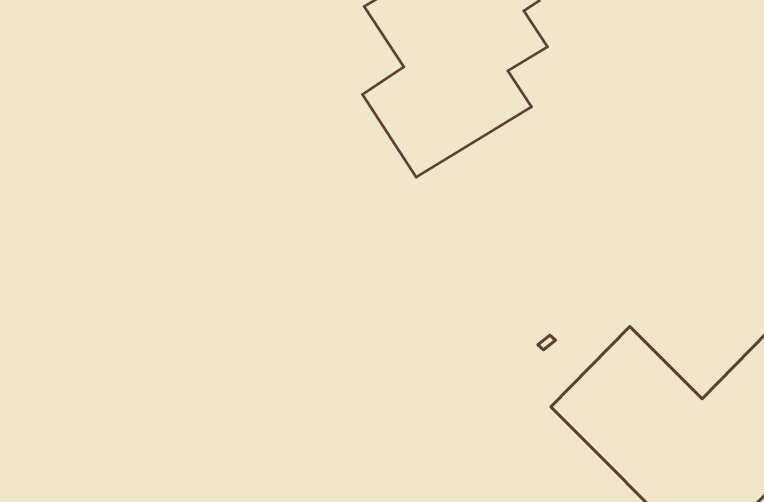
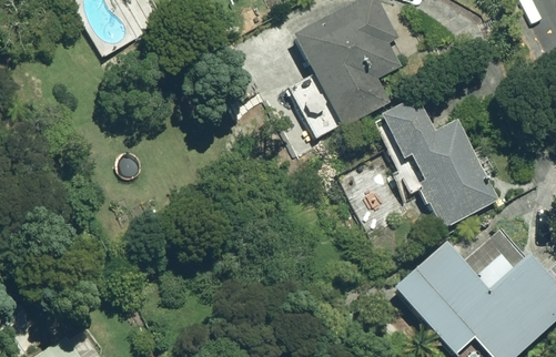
building: none -> [377,96,502,231]

